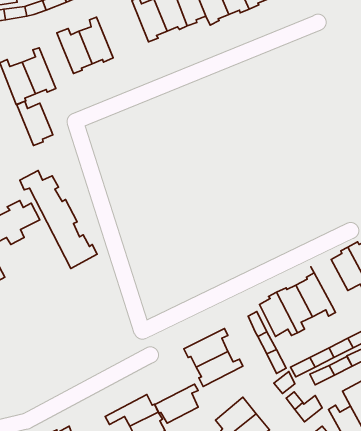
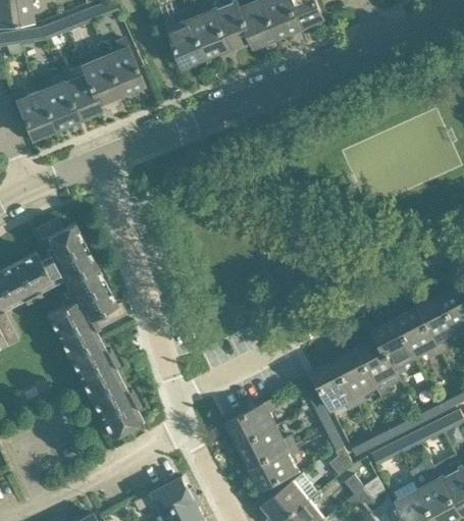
building: [17,101,53,145] -> [58,72,100,123]
building: none -> [46,291,140,438]
building: none -> [372,321,415,374]
building: [155,384,198,423] -> [248,445,298,489]

